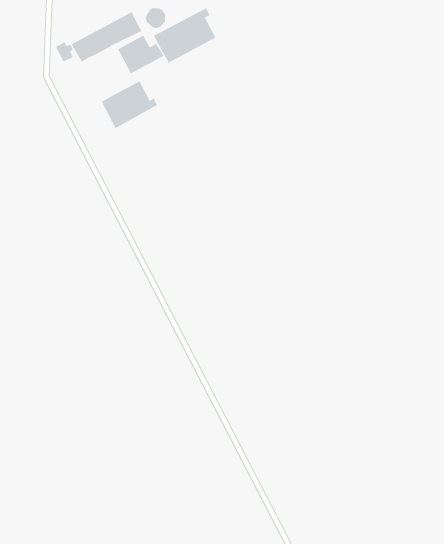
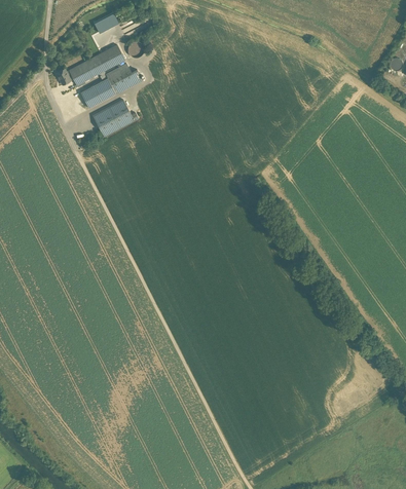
building: [153,8,216,64] -> none
building: none -> [80,71,116,108]

